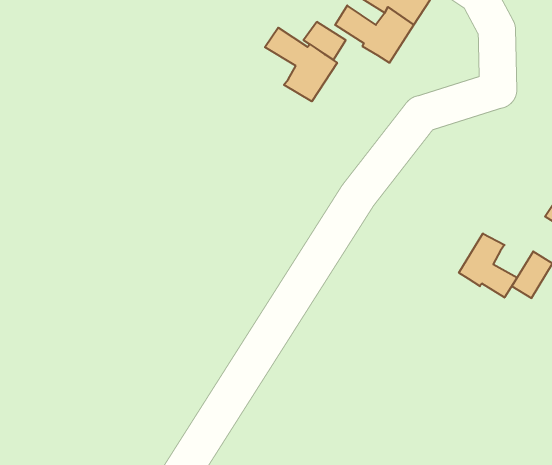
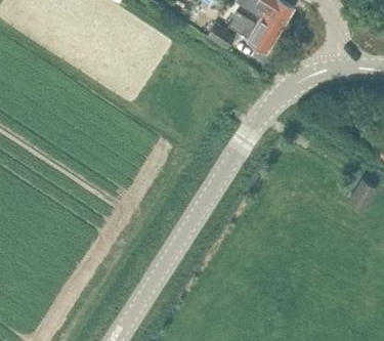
building: [265,28,337,101] -> none
building: [459,233,517,298] -> none

